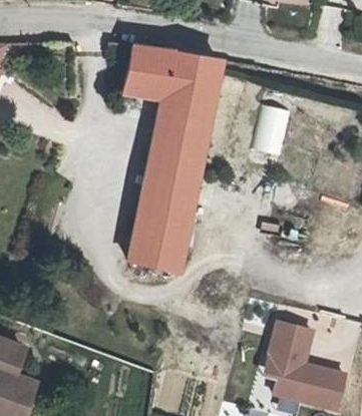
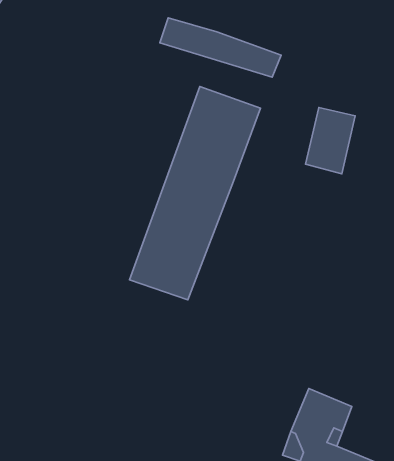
building: [126,70,222,111] -> none

